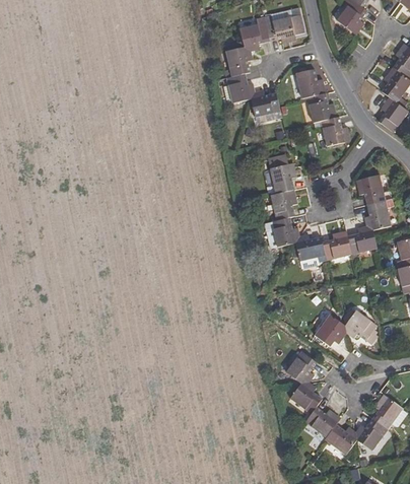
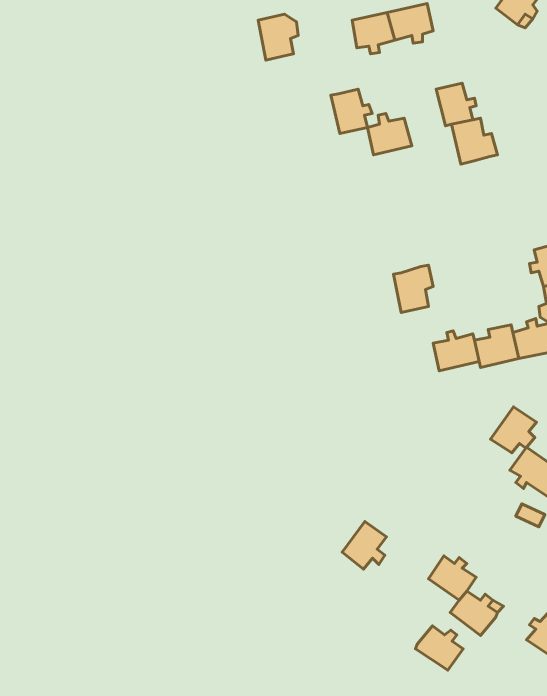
building: [226,46,253,76] -> [258,14,298,60]
building: [321,116,347,146] -> none
building: [267,163,293,195] -> none
building: [269,218,295,247] -> none
building: [315,316,345,346] -> [490,407,536,453]
building: [287,351,317,383] -> [342,522,386,569]
building: [325,423,356,453] -> [416,626,463,670]

